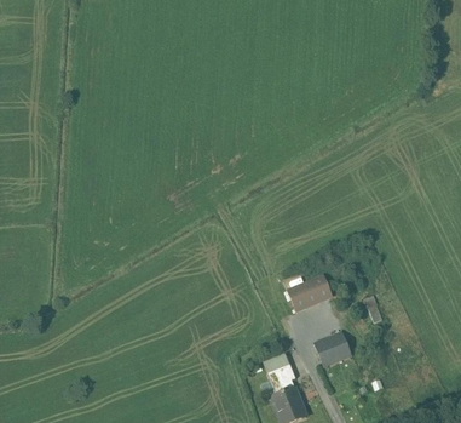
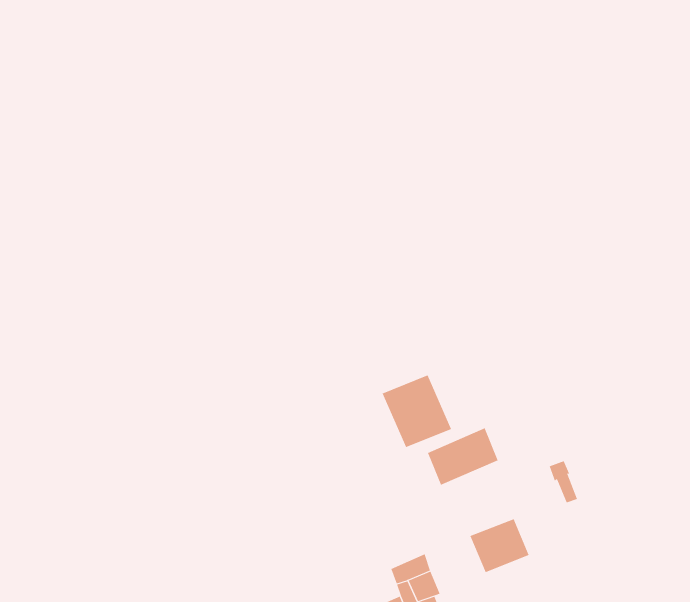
building: none -> [382,375,452,448]

